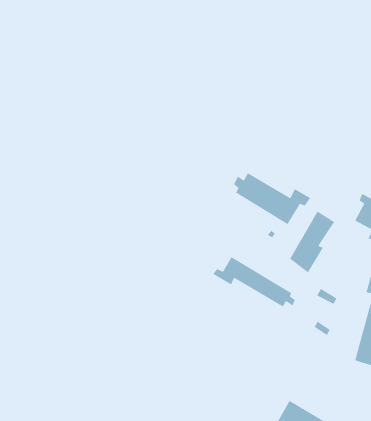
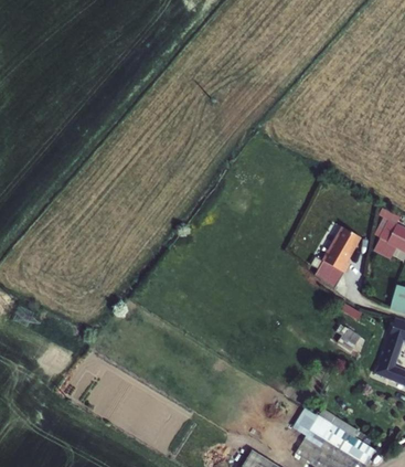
building: [233,172,311,225] -> none
building: [212,256,296,307] -> none

